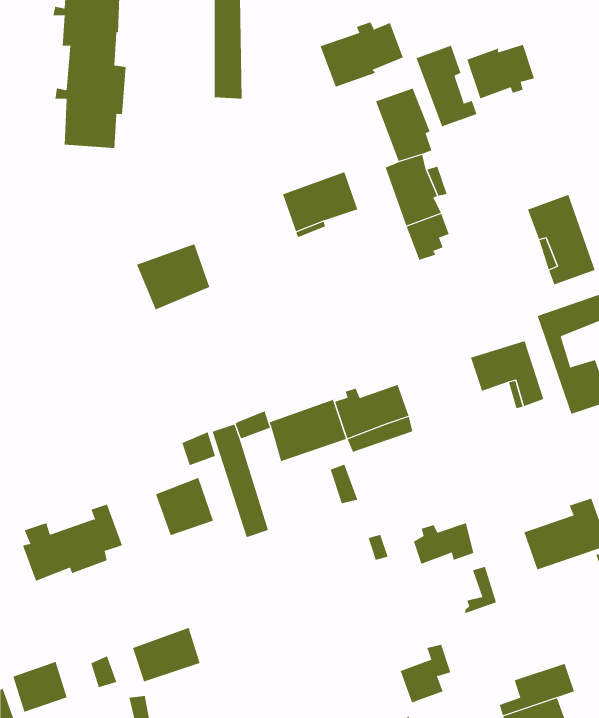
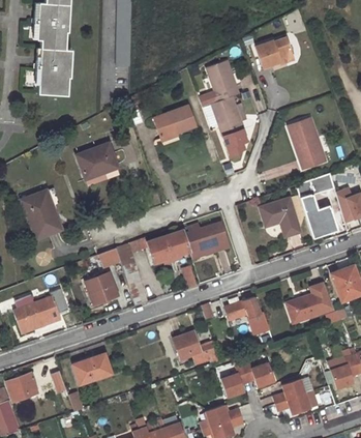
building: [320,21,404,88] -> none
building: [416,45,477,127] -> none
building: none -> [22,189,60,238]
building: none -> [173,331,218,363]
building: none -> [242,360,273,385]

